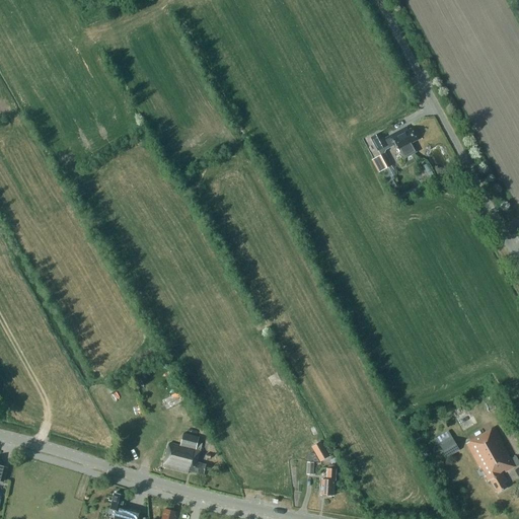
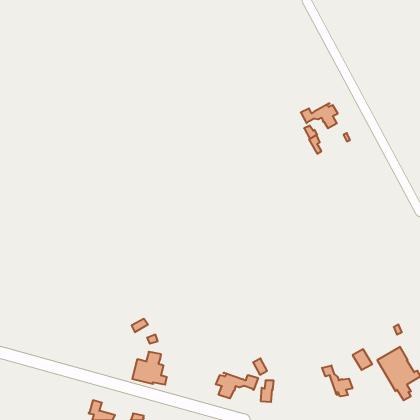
building: none -> [322,365,352,396]
building: none -> [216,373,258,398]

